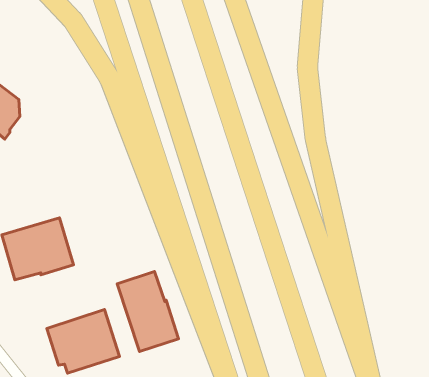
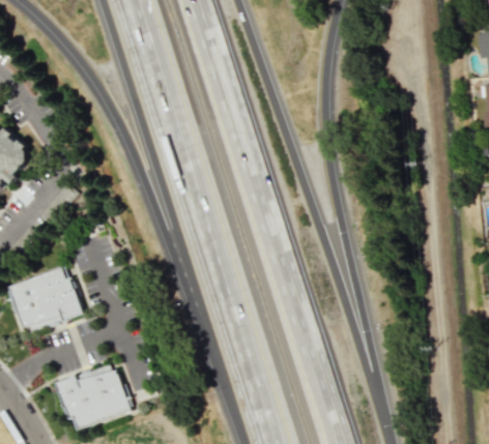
building: [117,271,179,351] -> none

